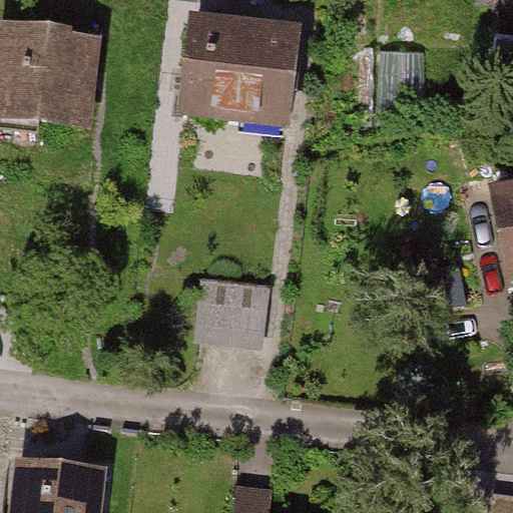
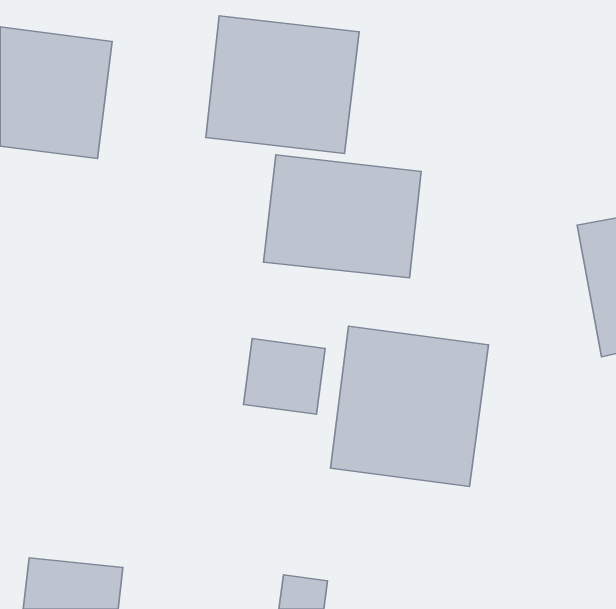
building: none -> [264,155,421,278]
building: none -> [331,326,489,486]

